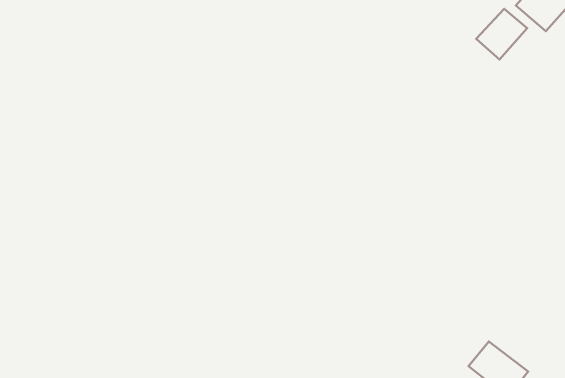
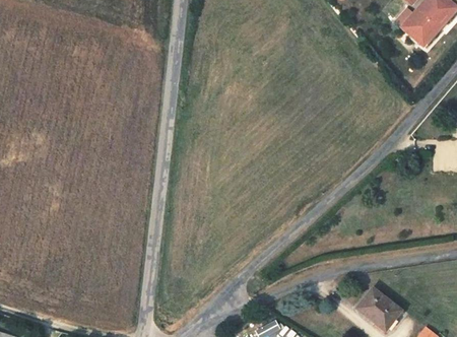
building: [476,9,527,60] -> none

